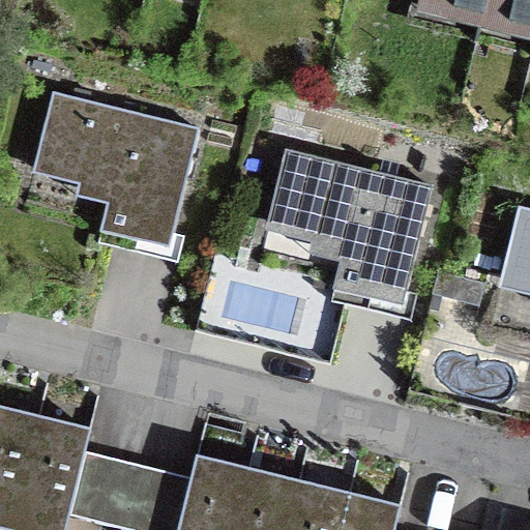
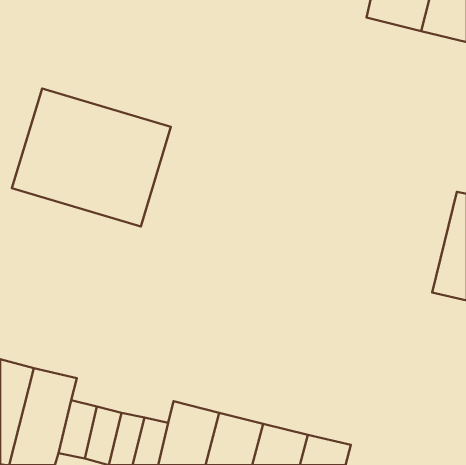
building: [269,149,435,313] -> none

